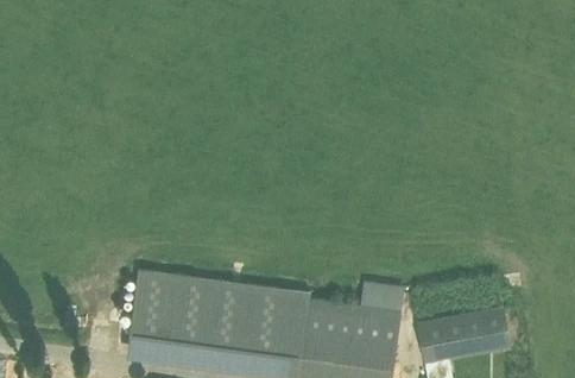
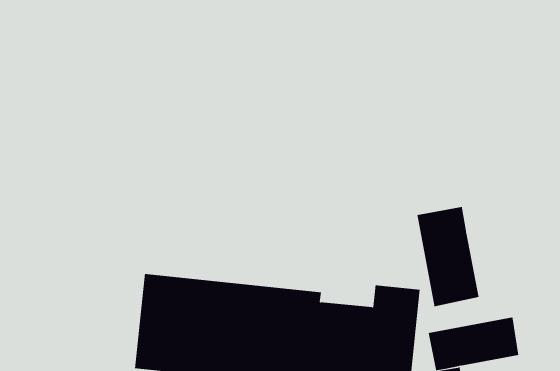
building: none -> [417,206,479,307]

